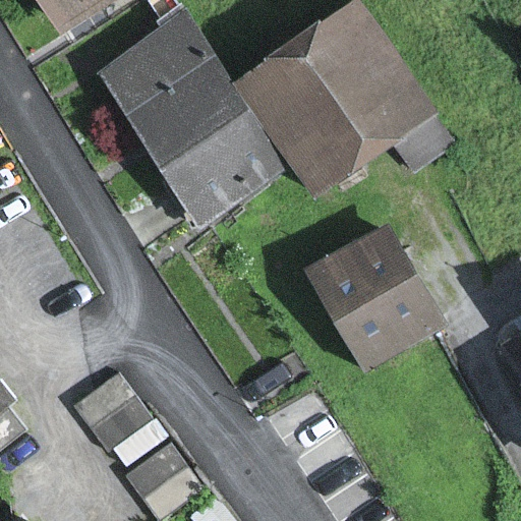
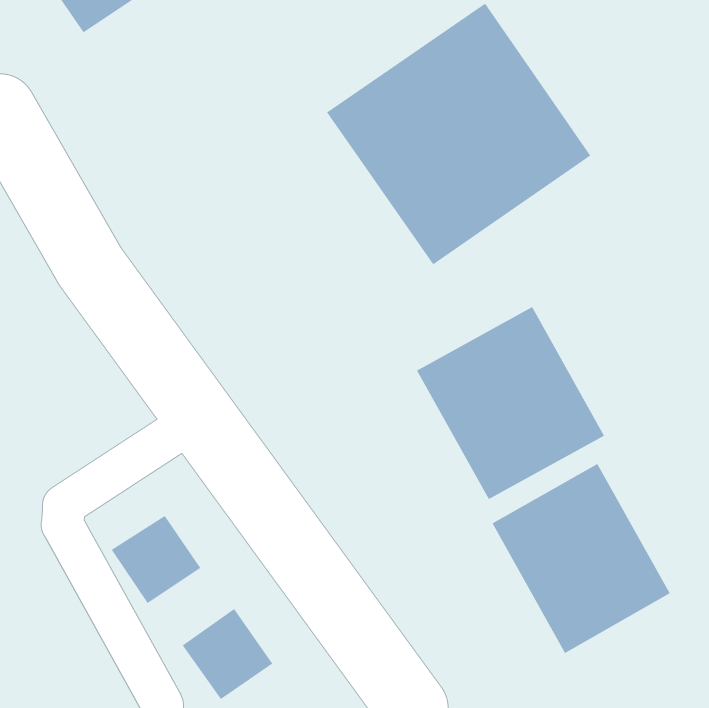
building: [99,15,283,222] -> none
building: none -> [492,463,670,654]

